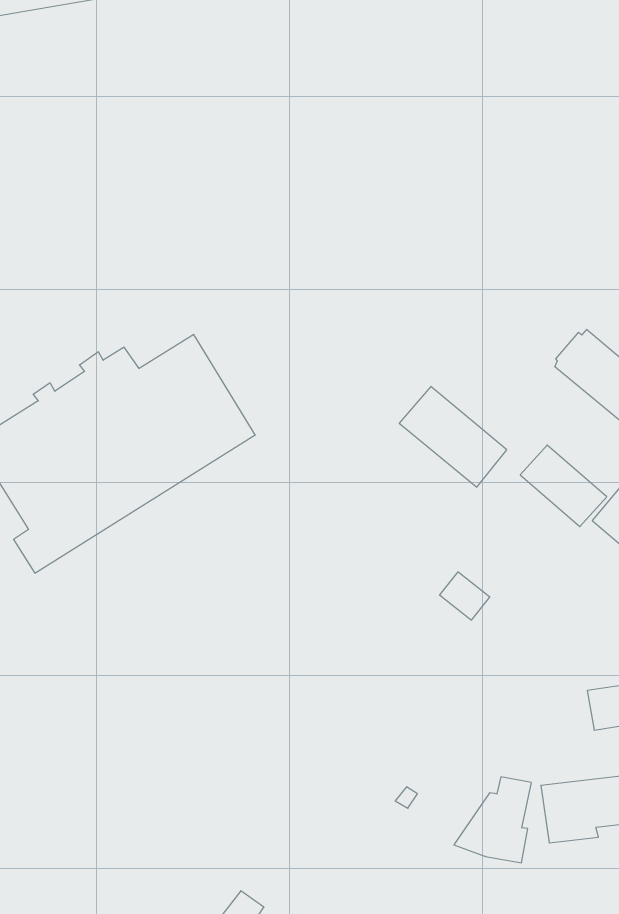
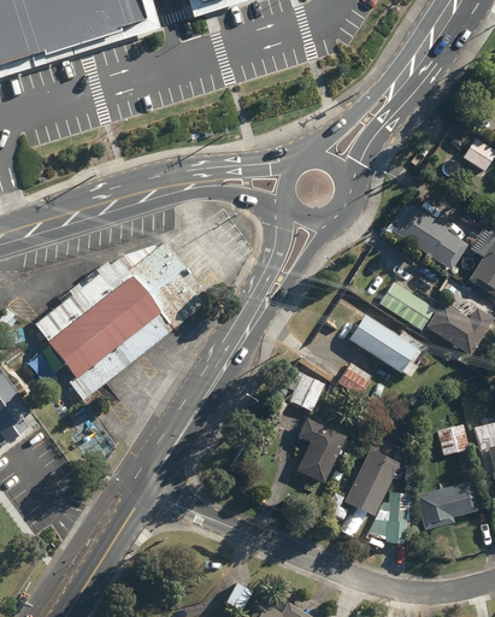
building: [399,386,507,487] -> [348,313,417,372]
building: none -> [289,372,324,411]
building: none -> [297,417,346,482]
building: none -> [343,447,399,515]

